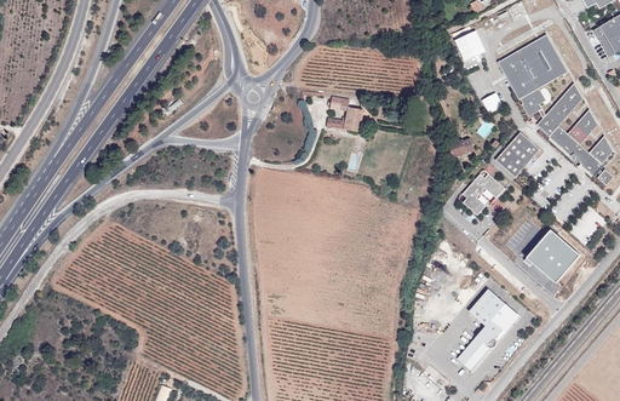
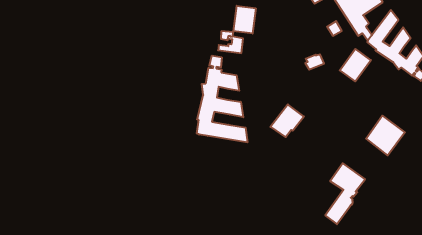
building: none -> [234,6,256,34]
building: none -> [197,56,247,142]
building: [458,171,506,217] -> [270,104,304,137]

